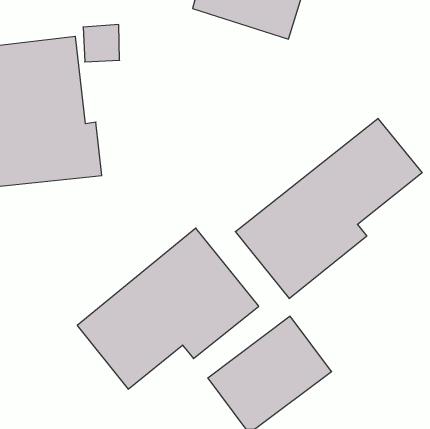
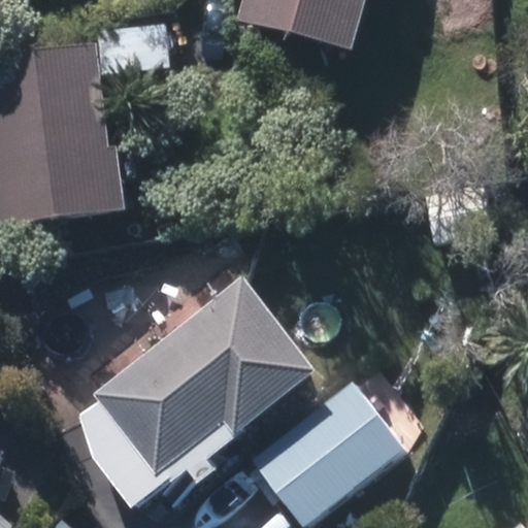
building: [235,118,422,299] -> none

